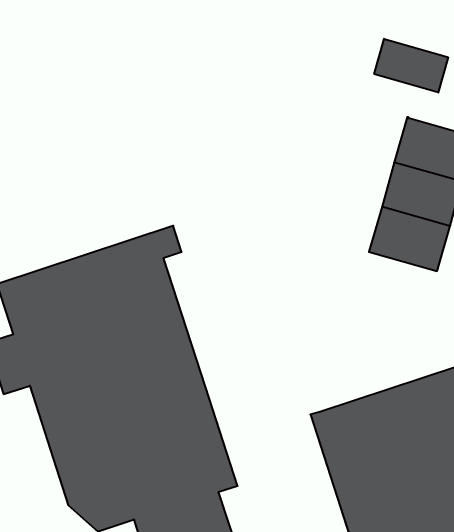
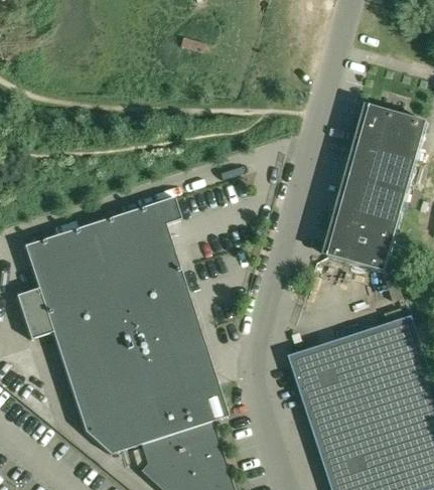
building: [374,39,448,93] -> none
building: none -> [327,218,395,272]

